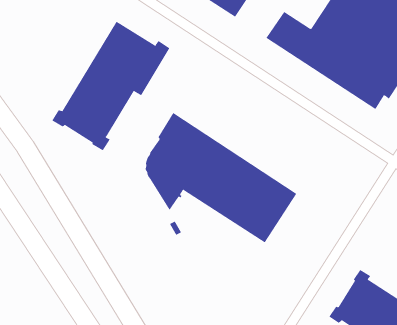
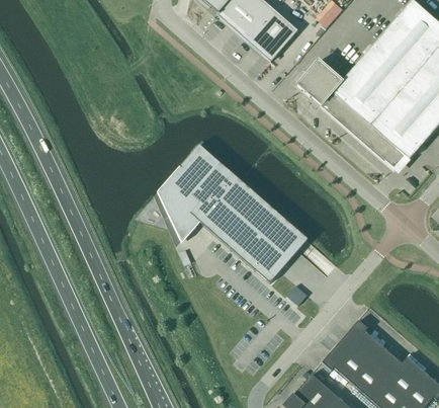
building: [52,21,170,151] -> none

